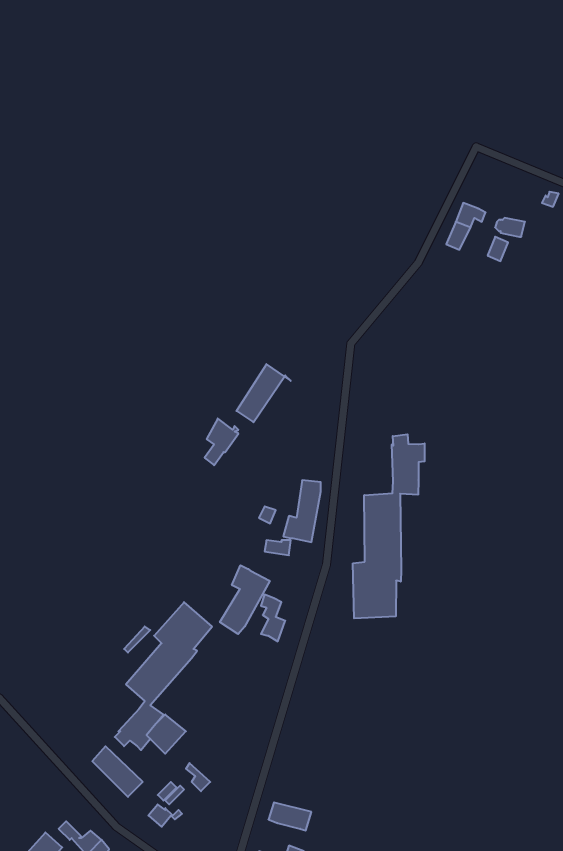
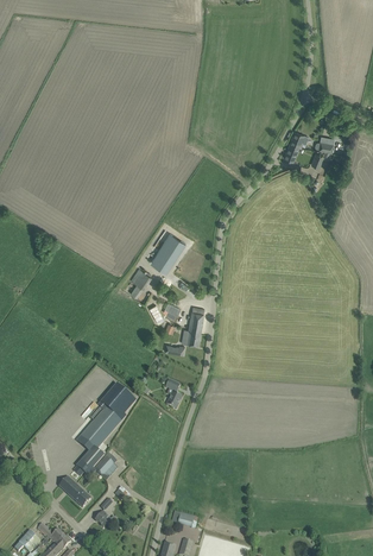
building: [353,434,425,618] -> none
building: [220,565,270,634] -> none

